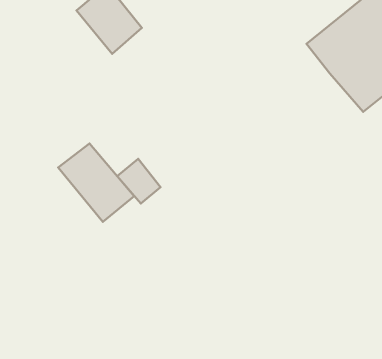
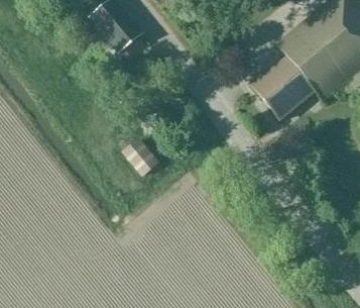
building: none -> [251,57,315,119]
building: [58,143,134,222] -> none

